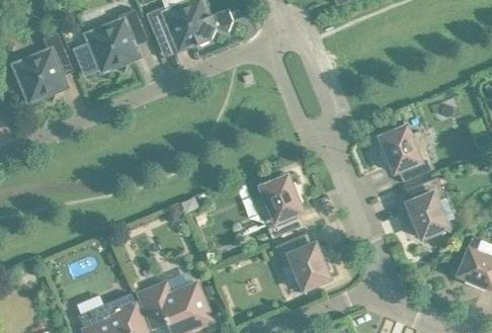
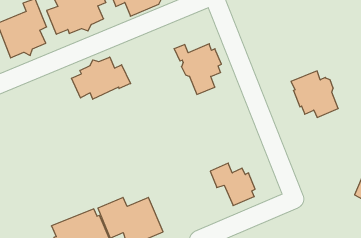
building: none -> [72,57,131,99]
building: [243,175,302,238] -> [174,44,221,94]
building: [402,176,452,241] -> none

